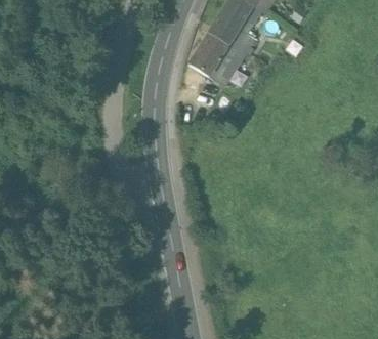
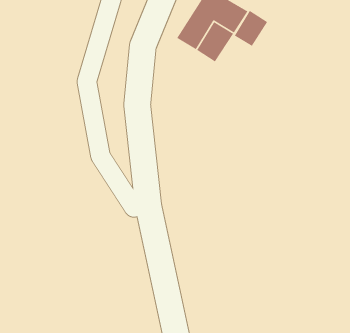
building: none -> [234,10,268,47]

